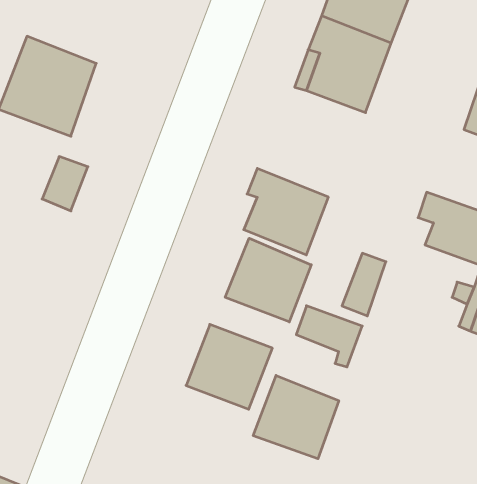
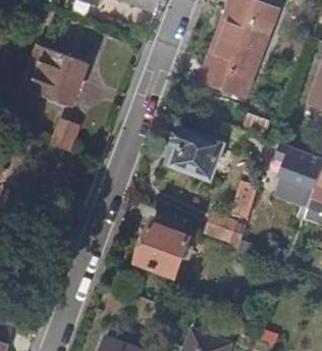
building: [225,238,311,322] -> none
building: [253,375,339,459] -> none

